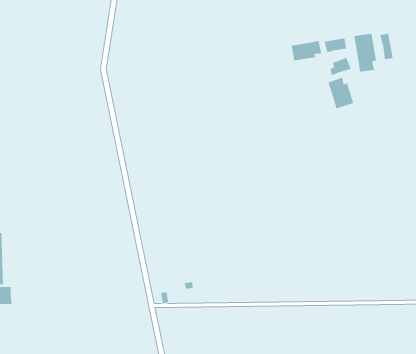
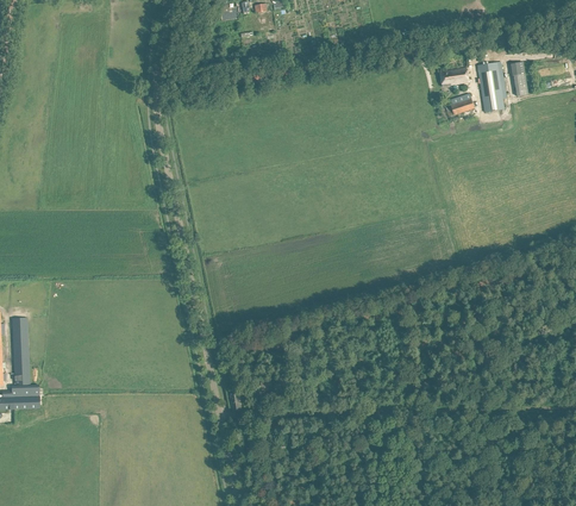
building: [291,40,322,61] -> none
building: [328,77,354,109] -> none

